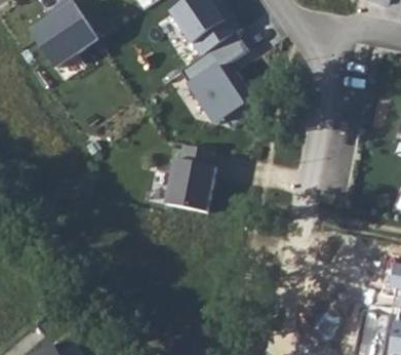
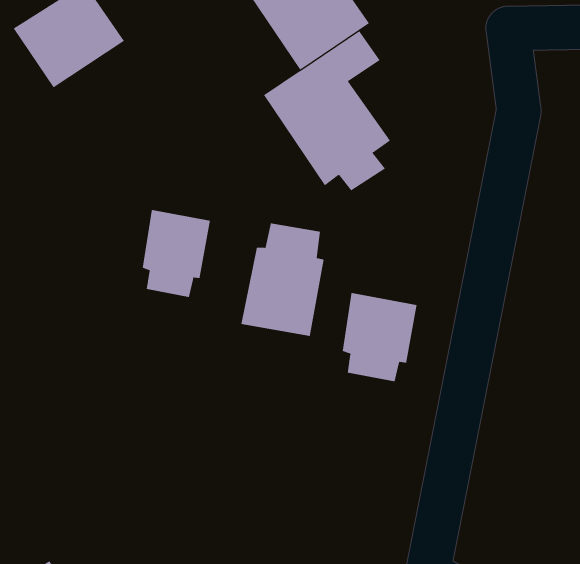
building: none -> [142,209,210,298]
building: none -> [342,292,417,382]

